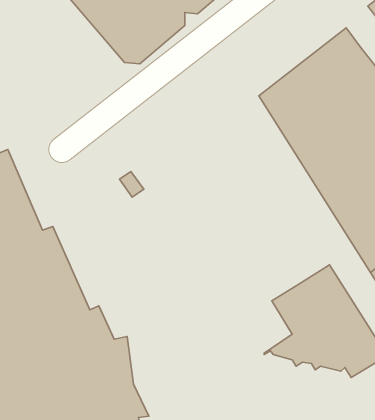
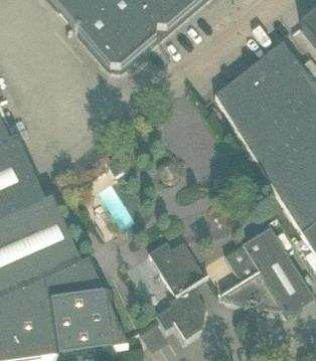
building: none -> [148,239,206,339]

